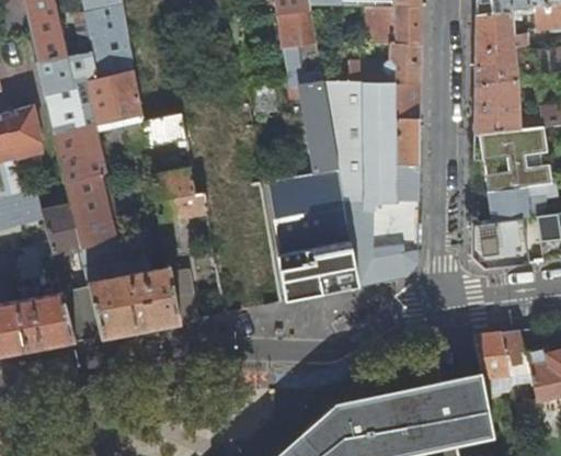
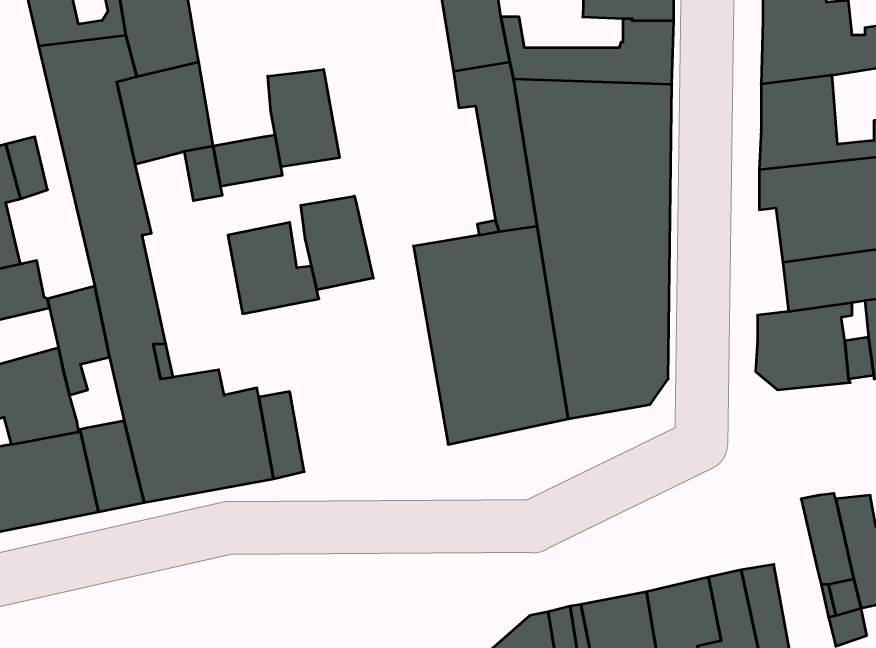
building: none -> [268,69,339,167]
building: none -> [301,196,373,290]
building: [474,332,507,386] -> none

